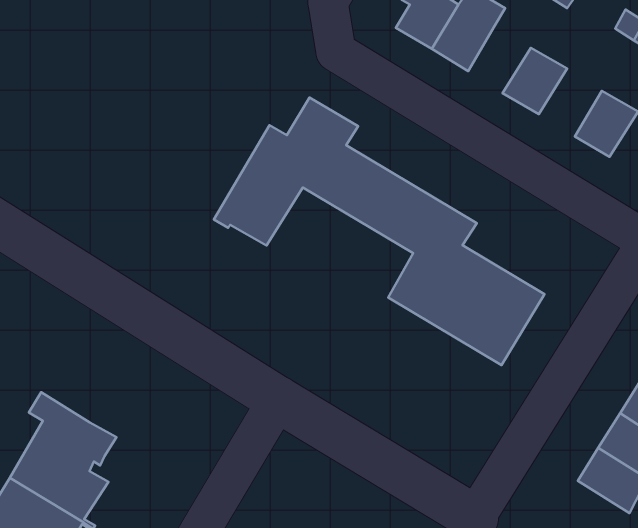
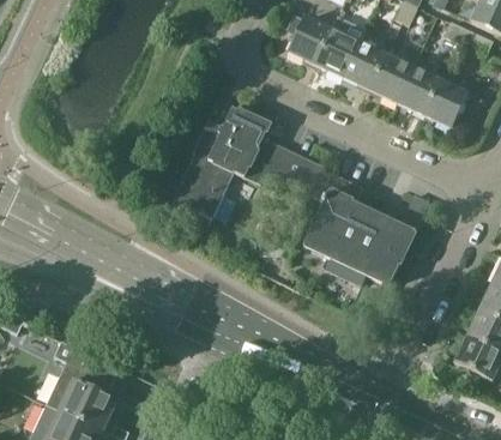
building: none -> [343,42,386,90]
building: none -> [397,67,440,115]

